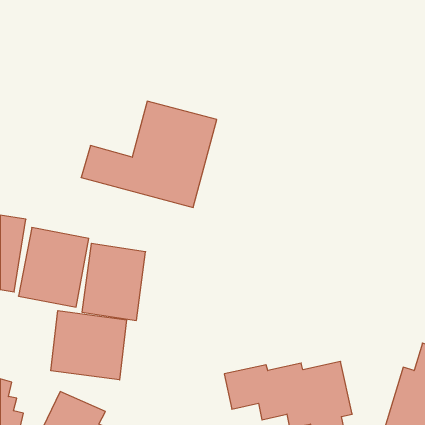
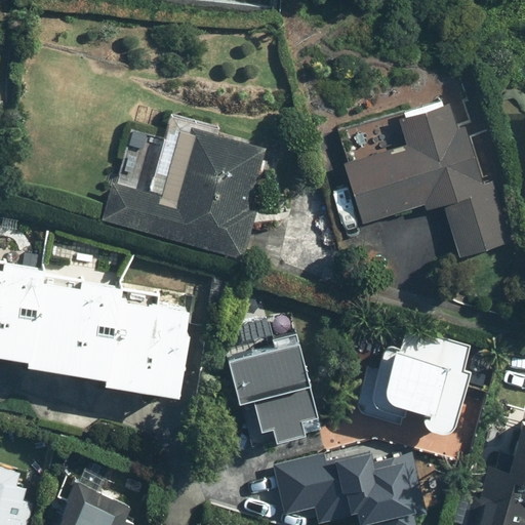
building: none -> [341,104,512,258]
building: none -> [226,332,316,442]
building: none -> [367,332,469,433]
building: [51,311,127,380] -> none

